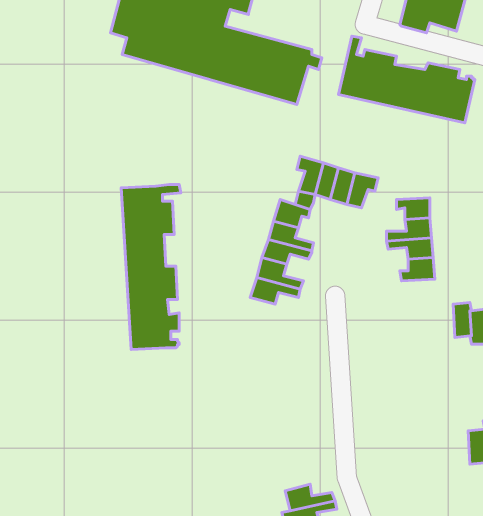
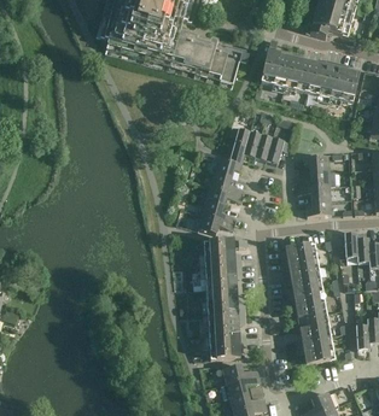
building: [121,184,181,349] -> [203,240,246,359]
building: none -> [281,242,336,363]

